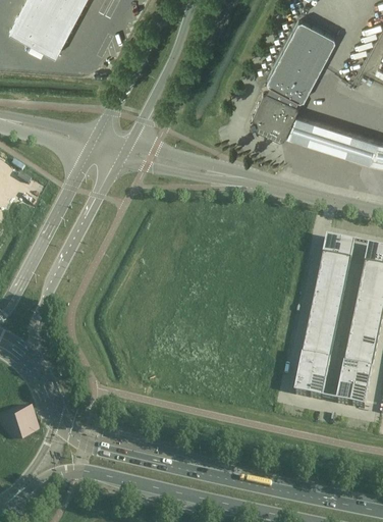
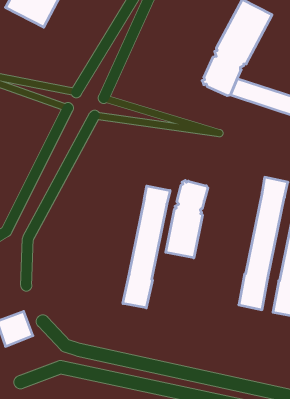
building: none -> [166,180,208,258]
building: none -> [123,186,170,308]

